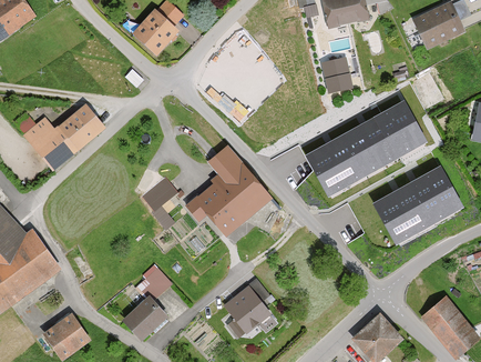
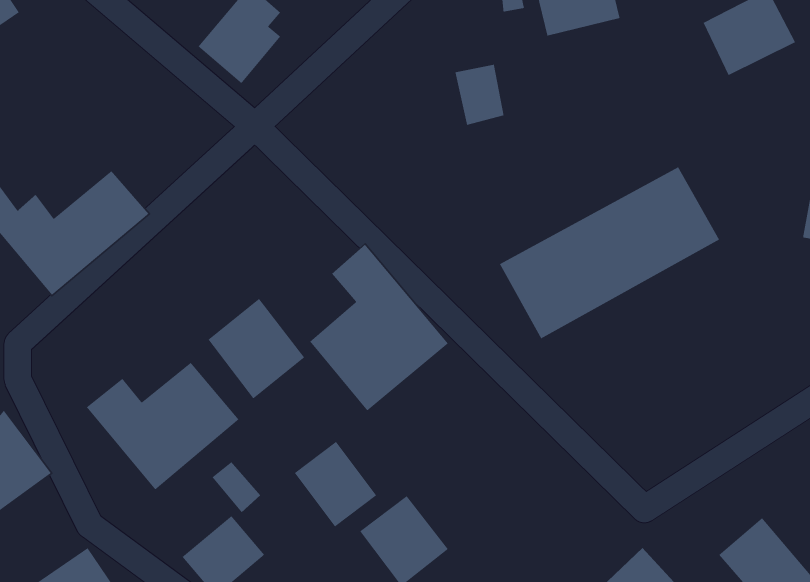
building: [320,60,348,94] -> [455,64,504,126]
building: [369,164,461,243] -> none
building: none -> [86,362,240,490]
building: none -> [294,441,377,527]

